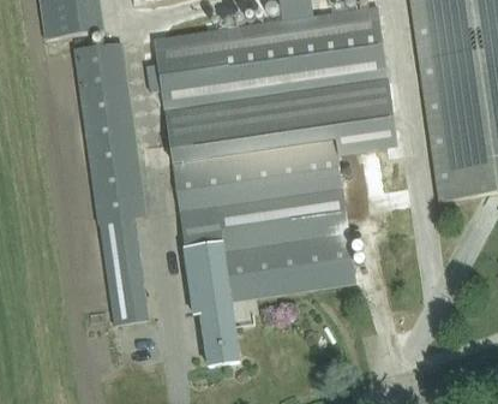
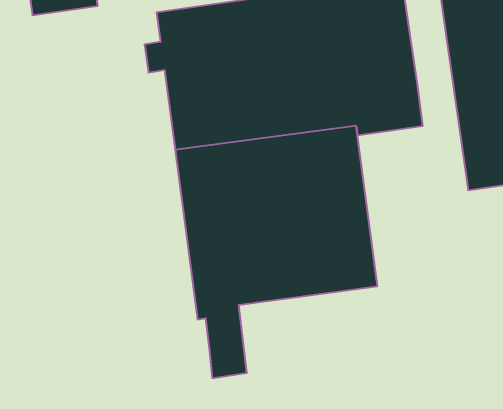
building: [76,43,148,323] -> none

